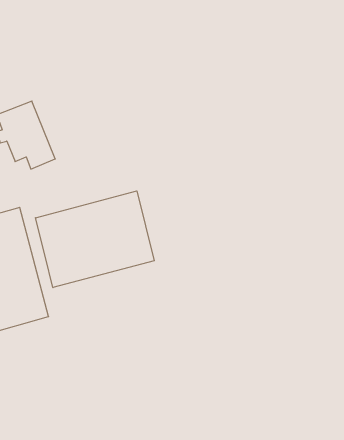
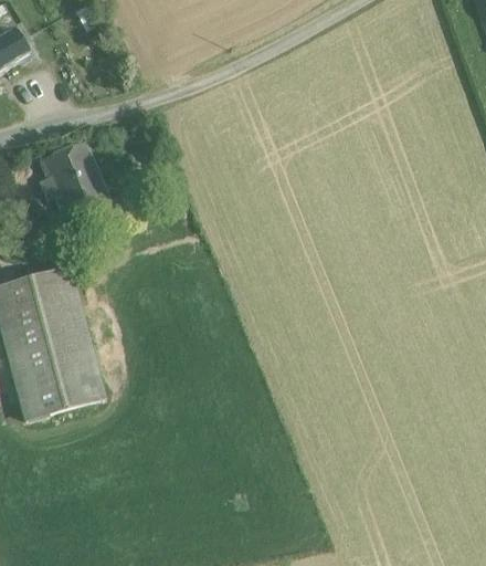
building: [35,191,154,288] -> none

